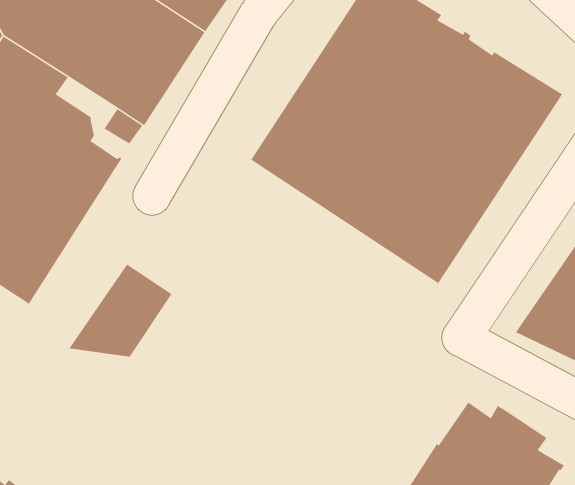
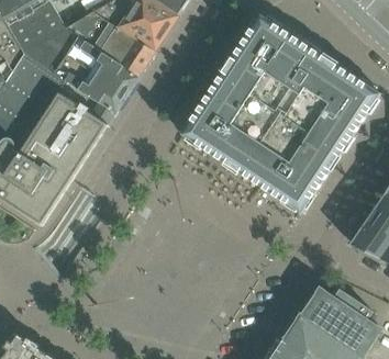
building: [68,264,173,358] -> none

